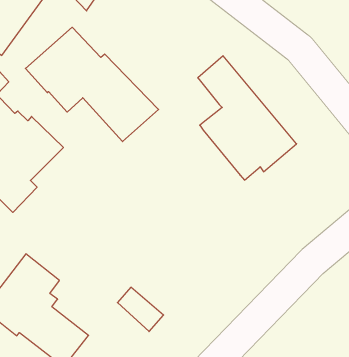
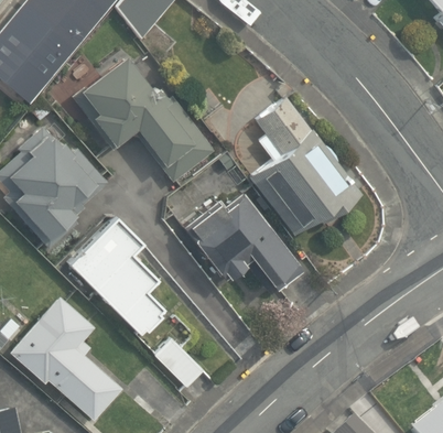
building: none -> [182,192,303,290]
building: none -> [68,216,164,334]

